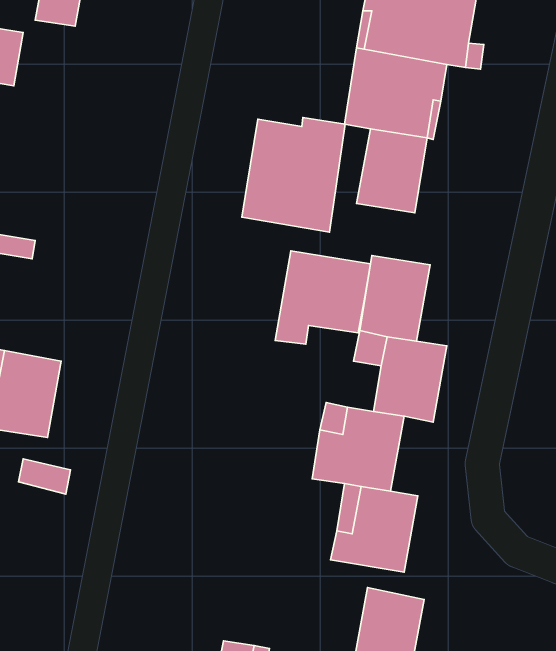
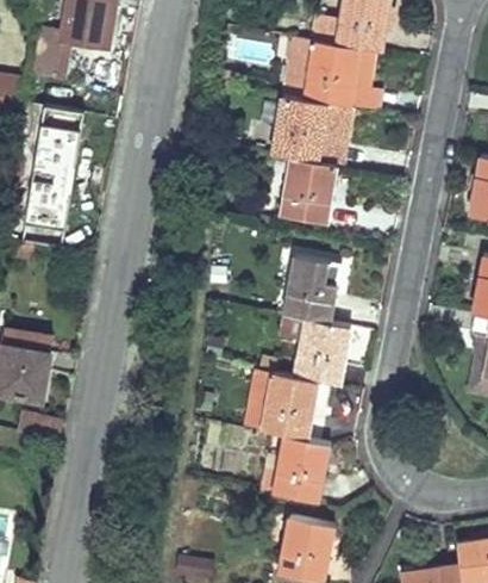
building: none -> [18,105,83,237]
building: [242,117,345,232] -> none
building: [275,251,371,344] -> none

